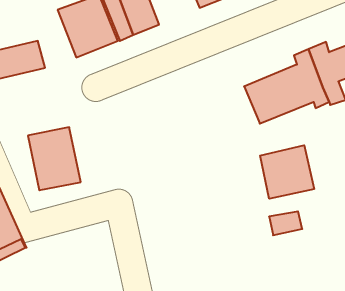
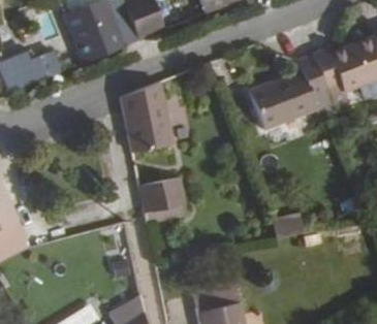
building: [28,127,81,190] -> [121,93,174,156]
building: [260,145,314,199] -> none
building: none -> [138,181,185,218]

